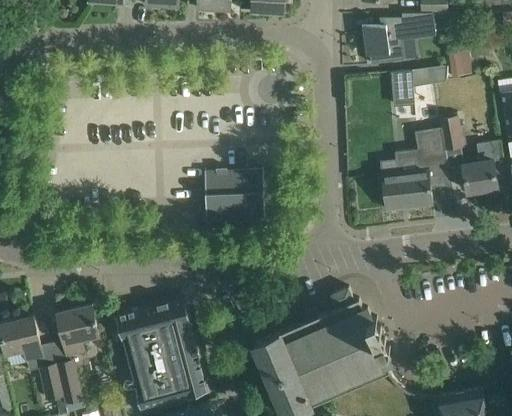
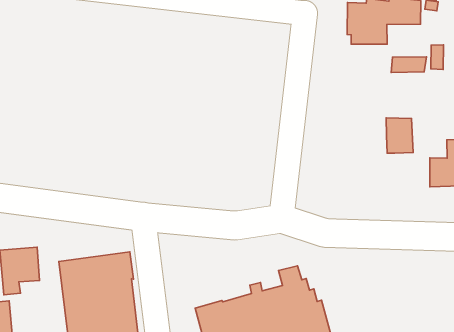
building: [392,72,414,106] -> none
building: [440,117,461,150] -> none
building: [380,160,432,211] -> none
building: [204,170,264,223] -> none

